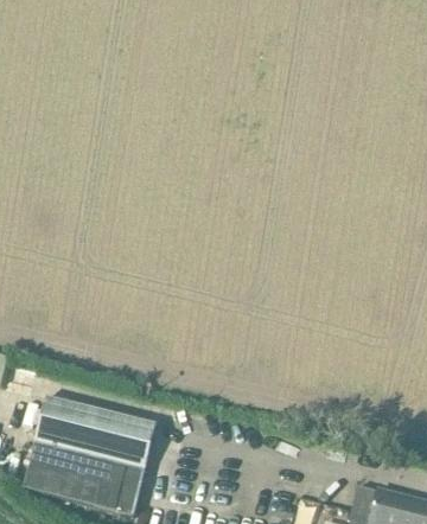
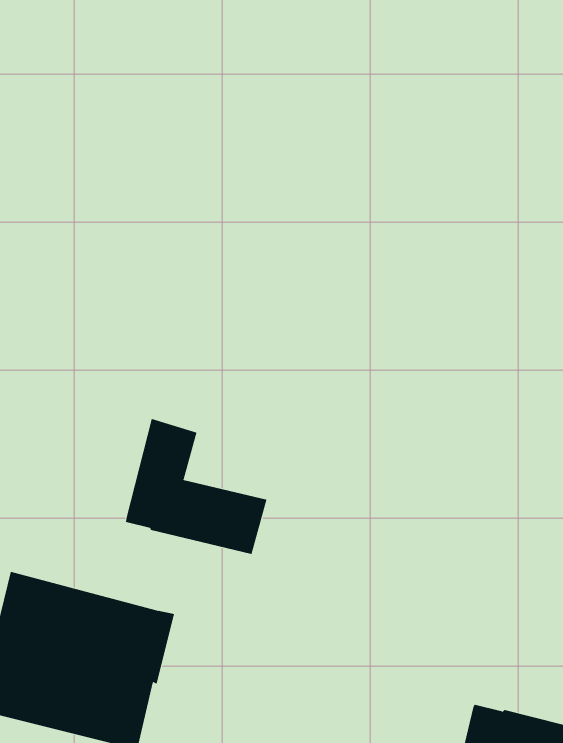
building: none -> [126,418,267,555]

